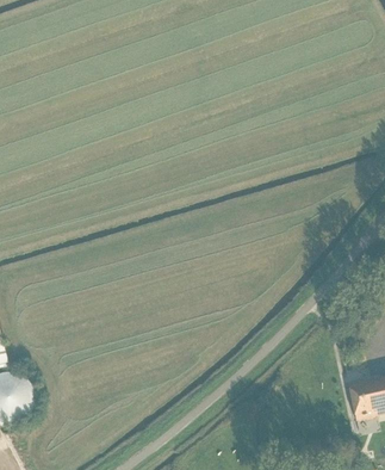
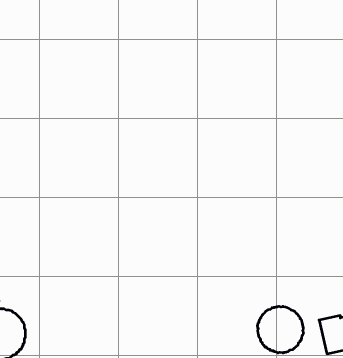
building: none -> [258,306,303,353]

